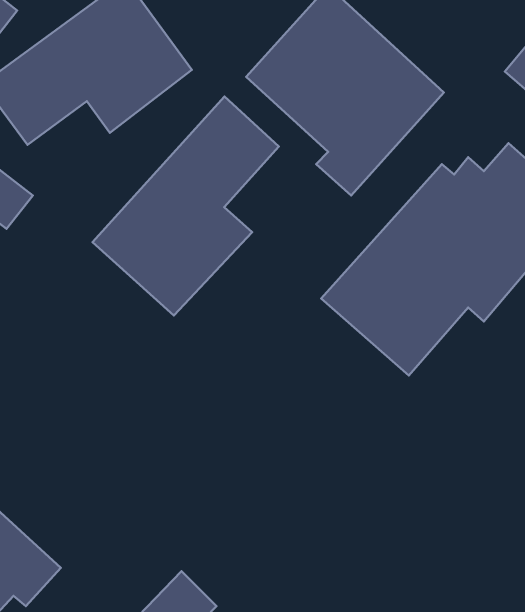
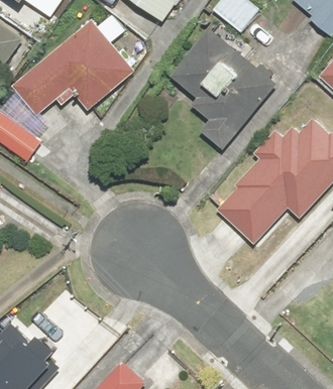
building: [93,97,279,315] -> none

